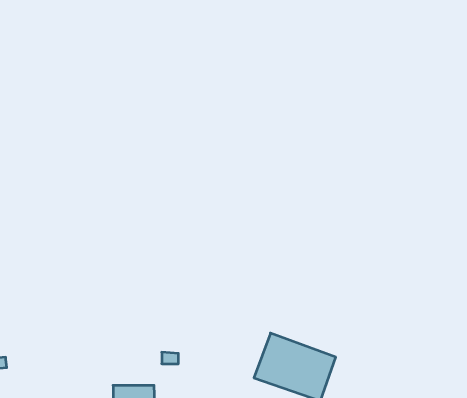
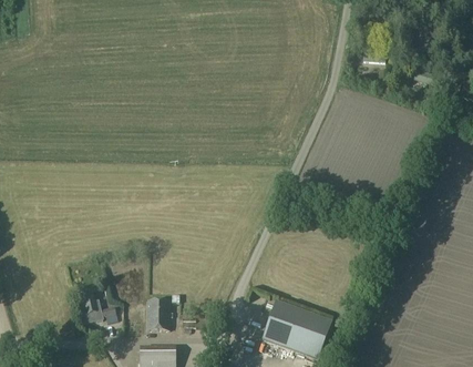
building: none -> [84,295,117,324]
building: none -> [148,299,171,329]

